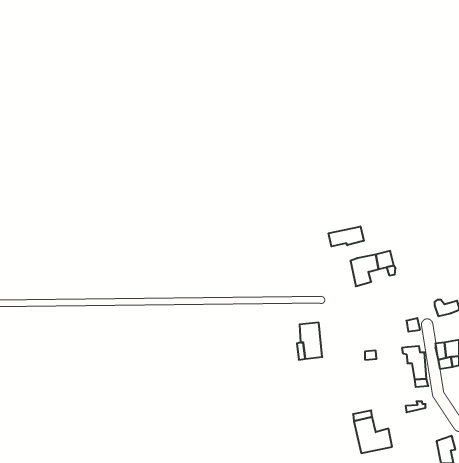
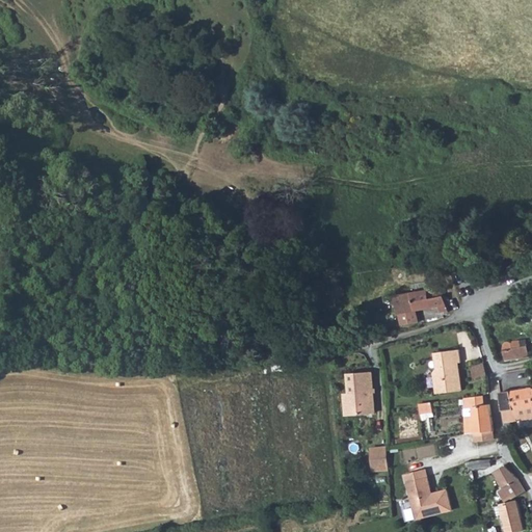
building: [329,226,364,246] -> none
building: none -> [428,345,460,395]
building: none -> [366,447,389,471]
building: none -> [493,463,523,500]

